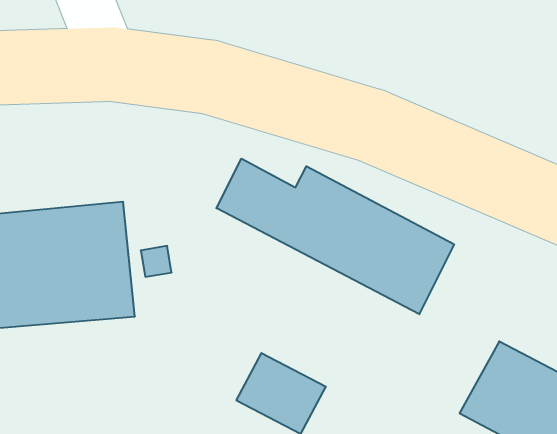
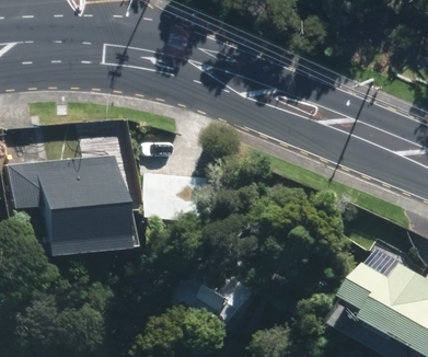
building: [216,159,454,314] -> none

